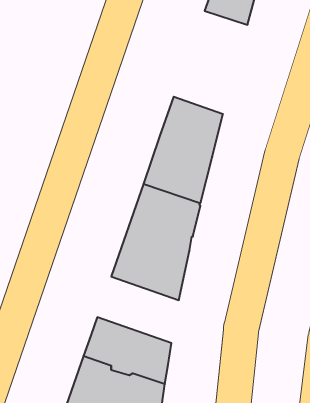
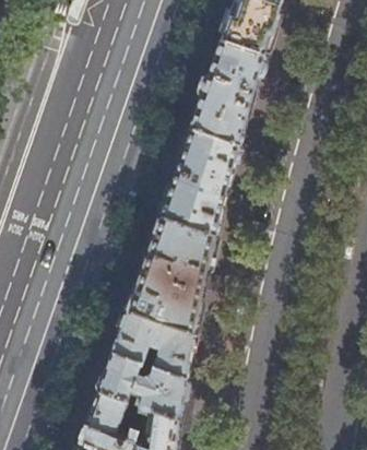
building: none -> [190,43,265,147]
building: none -> [113,312,196,380]

